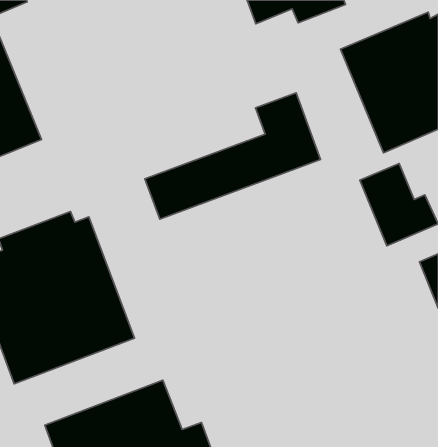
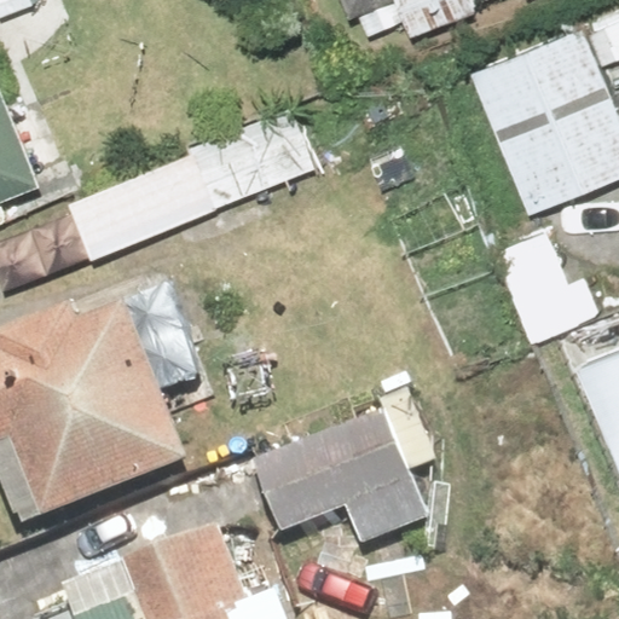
building: [145,93,321,219] -> [74,76,316,250]
building: none -> [251,400,434,546]

